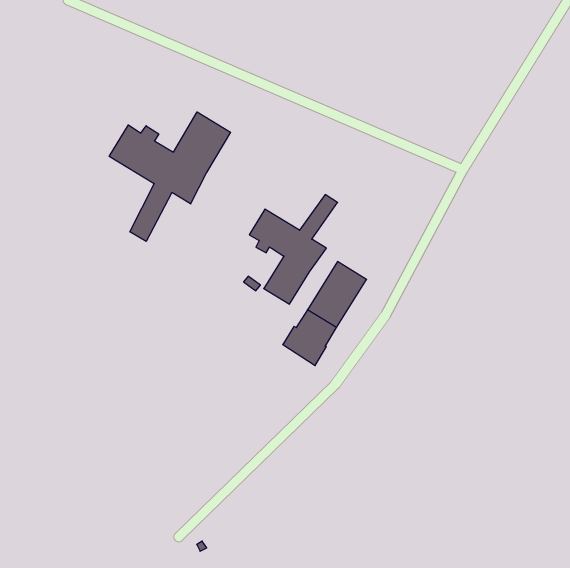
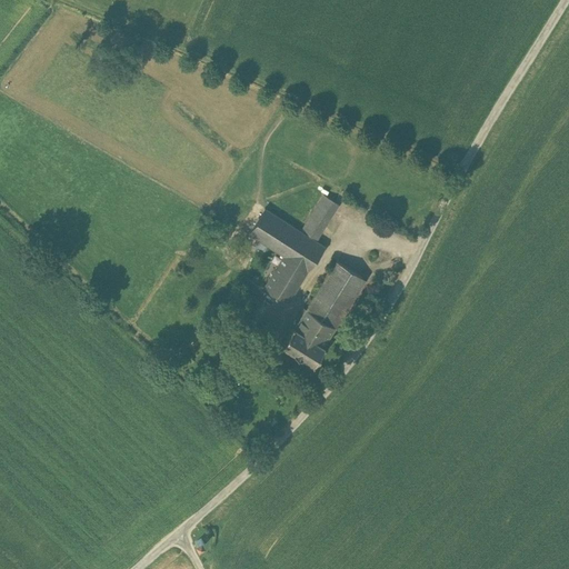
building: [109,112,231,241] -> none

